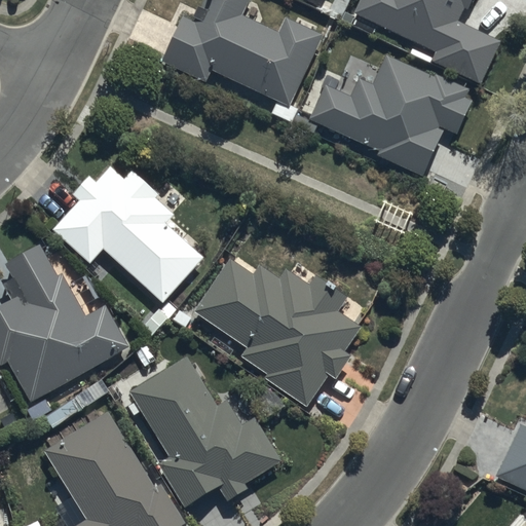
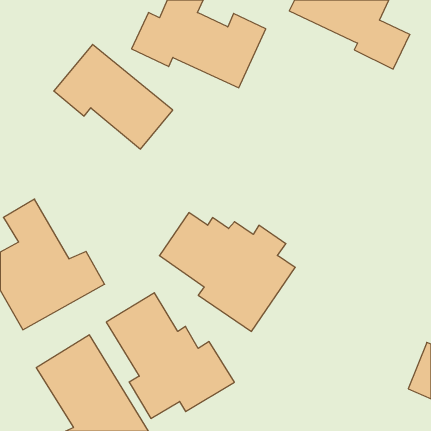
building: [309,52,476,176] -> none
building: [58,174,202,301] -> [54,44,173,149]

